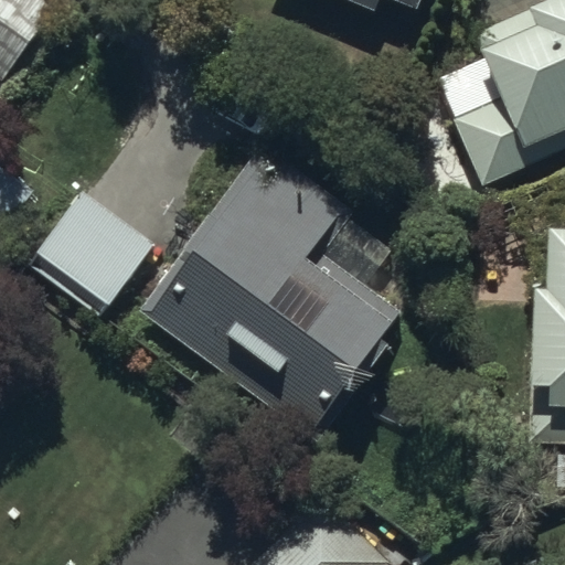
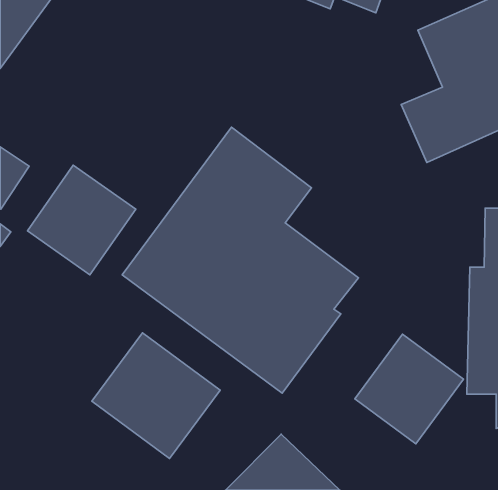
building: none -> [92,333,220,458]
building: none -> [355,334,464,444]

